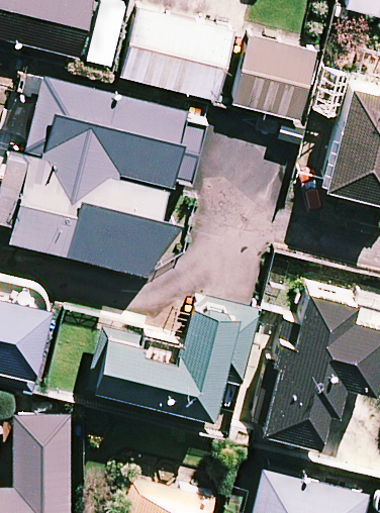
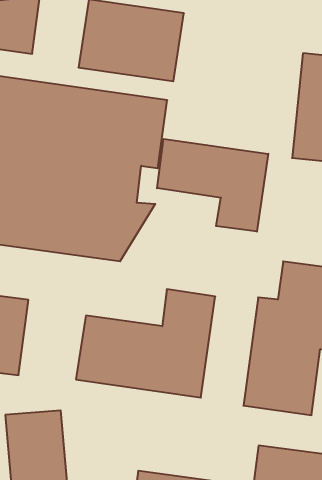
building: [233,36,316,122] -> none
building: none -> [157,139,268,232]

